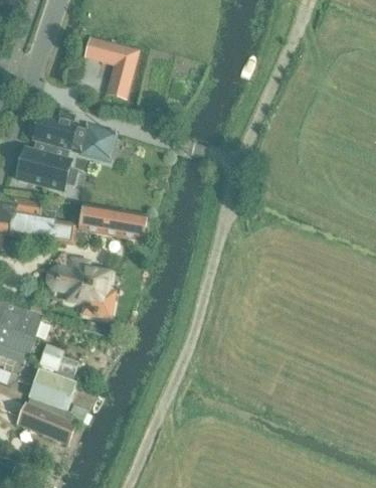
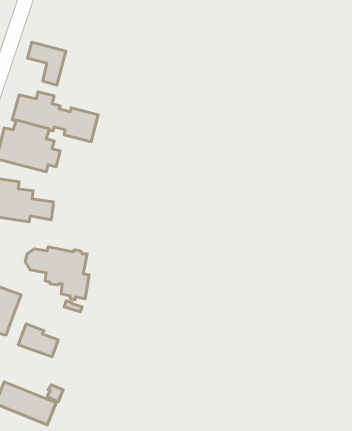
building: [102,40,140,84] -> [28,42,66,85]
building: [78,204,147,241] -> none
building: [29,369,76,409] -> none

